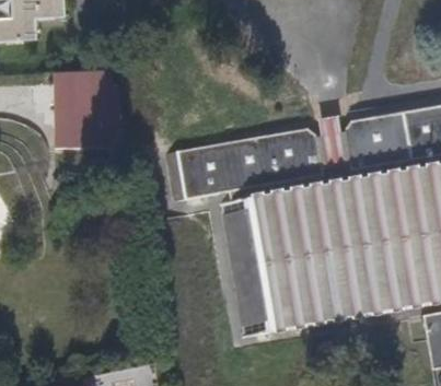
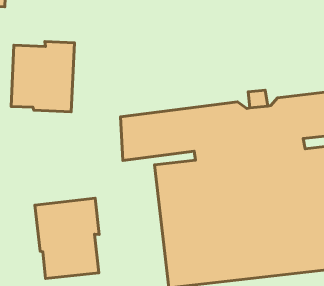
building: none -> [35,198,99,279]

